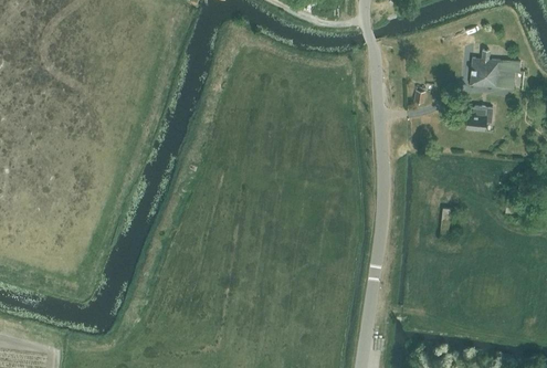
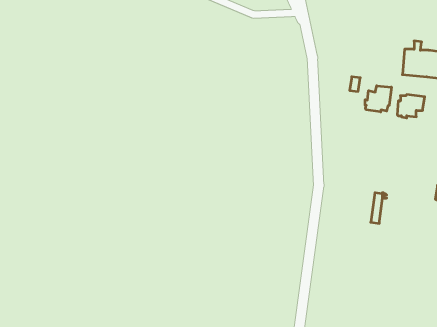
building: none -> [365,86,391,112]

